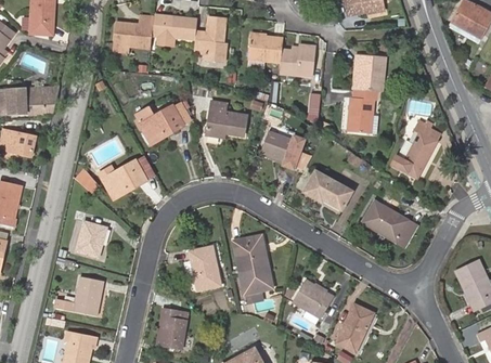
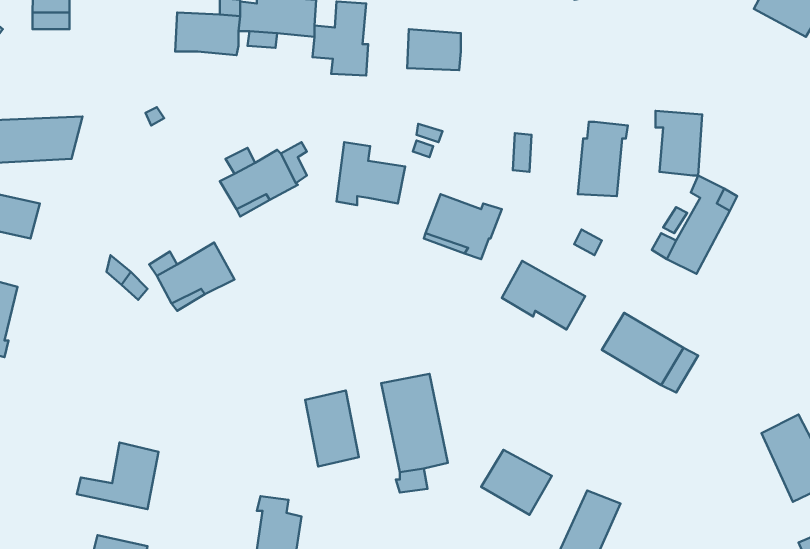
building: [277,41,312,72] -> none
building: [356,52,383,90] -> [656,111,702,176]
building: [76,221,106,256] -> none

